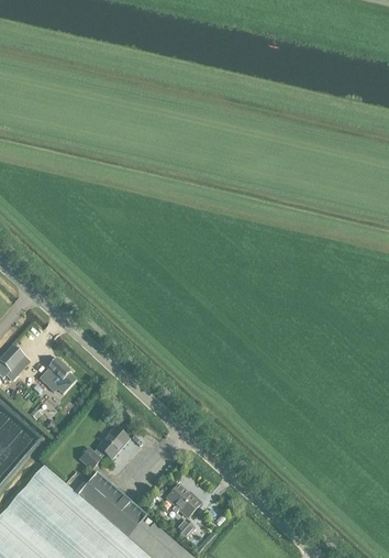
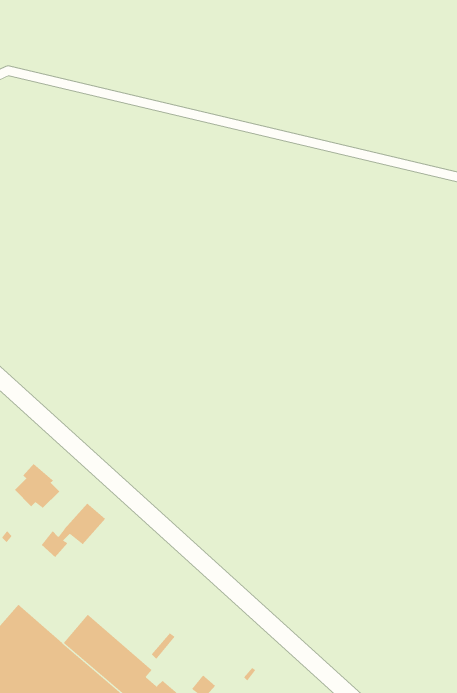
building: [79,427,129,469] -> [41,503,106,558]
building: [166,485,200,518] -> none

